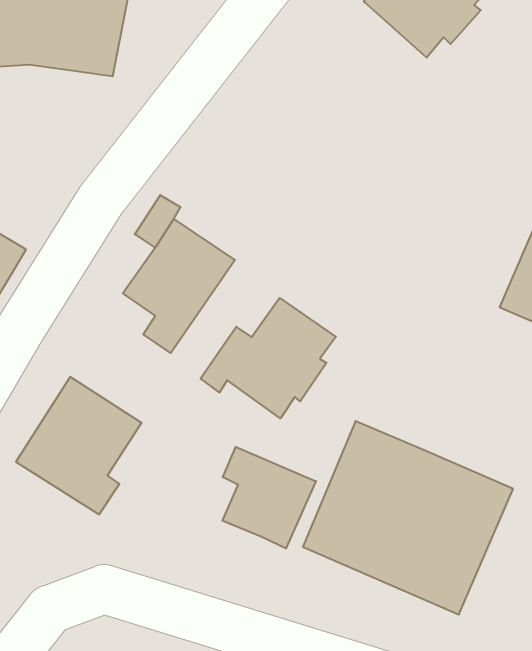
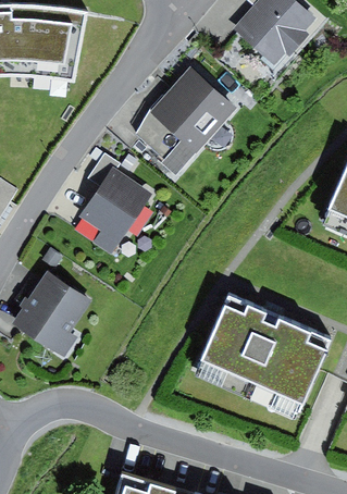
building: none -> [136,66,236,174]
building: [201,298,336,418] -> none
building: [222,447,316,549] -> none

